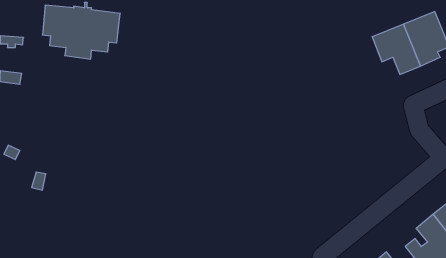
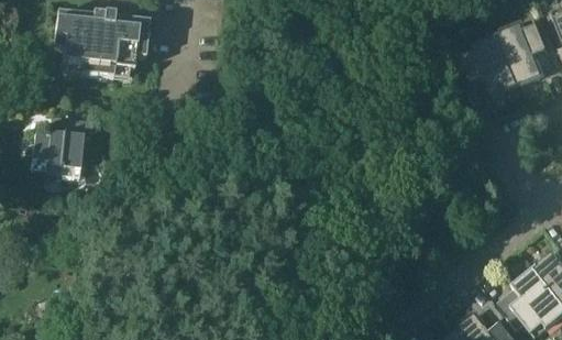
building: none -> [32,117,92,175]

